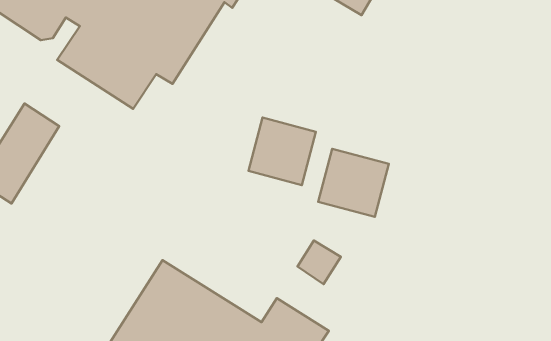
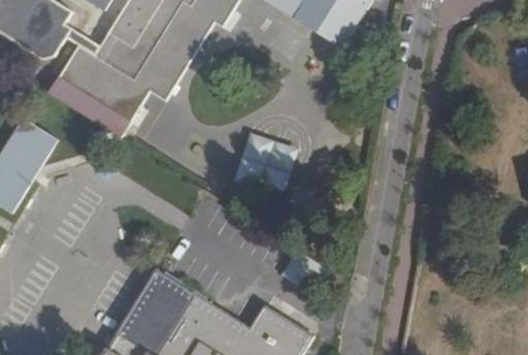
building: [318,149,389,217] -> none

